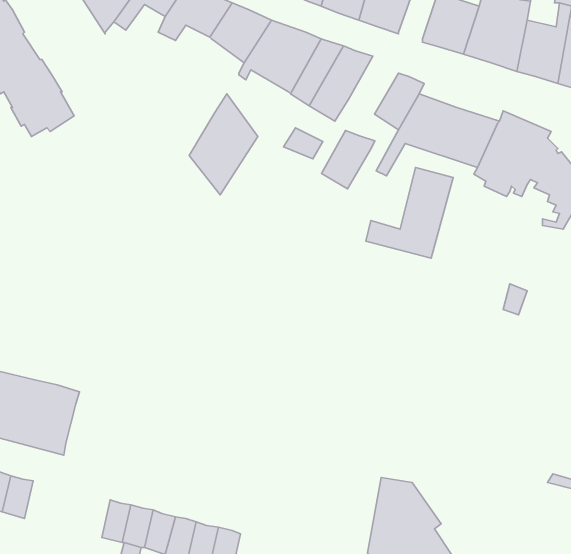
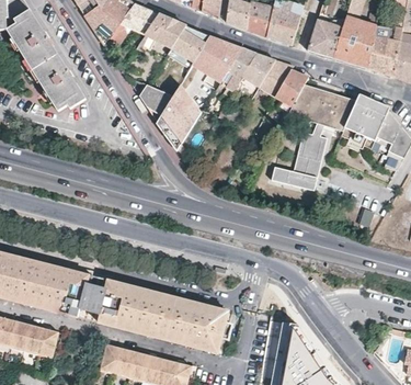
building: none -> [139,83,174,123]
building: [322,131,375,189] -> [260,59,294,97]
building: none -> [79,279,232,351]

